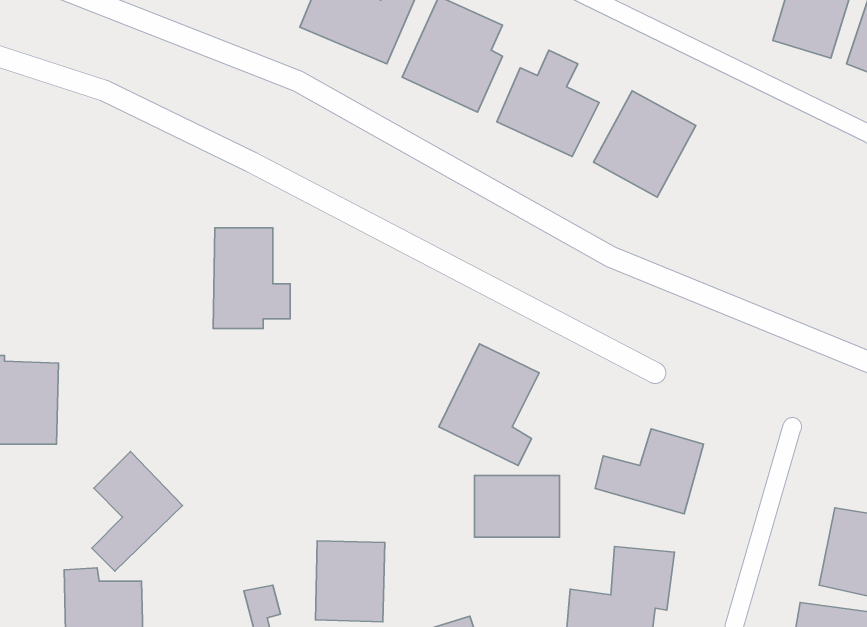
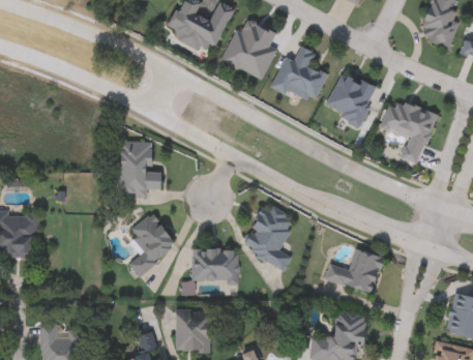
building: none -> [381,98,436,163]
building: [92,451,182,571] -> [128,213,177,277]
building: [475,475,560,537] -> [193,249,238,282]

